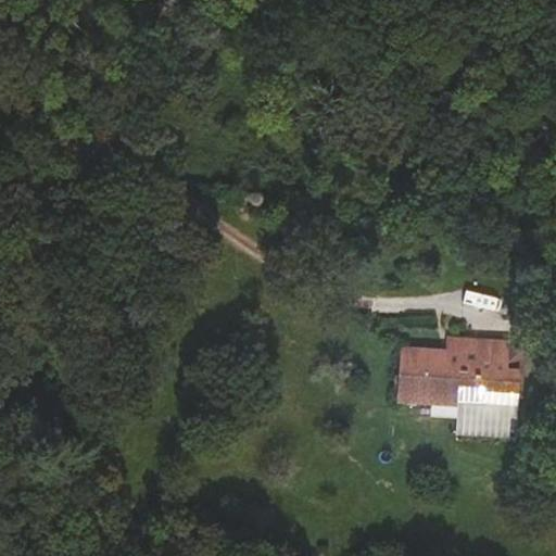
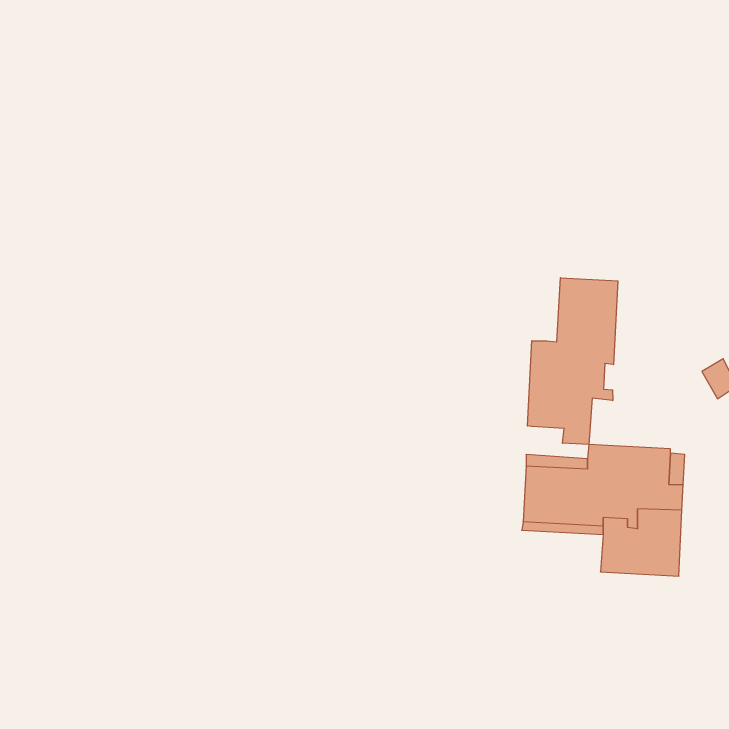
building: none -> [527,278,618,445]

